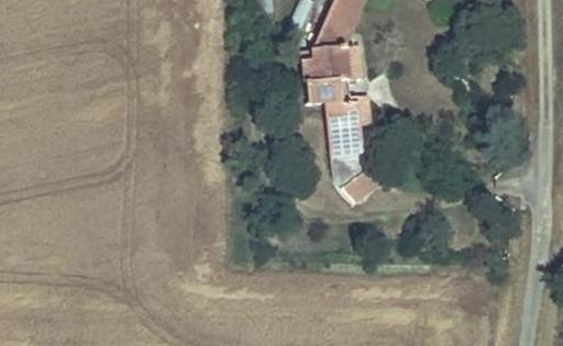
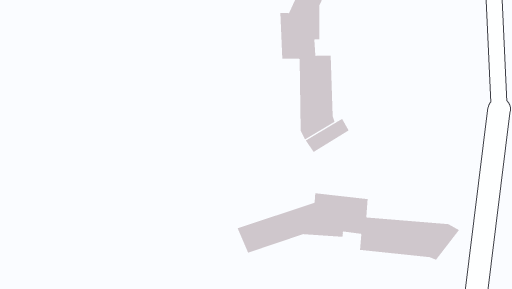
building: none -> [237,193,460,260]

